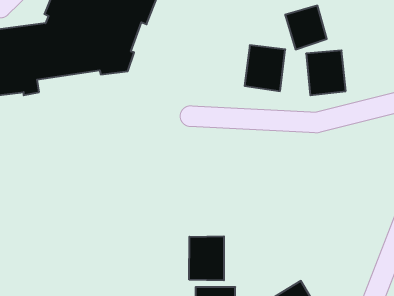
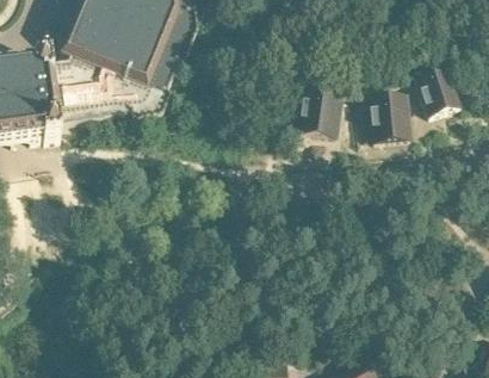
building: [285,6,327,49] -> [413,62,460,112]
building: [189,236,224,280] -> none

